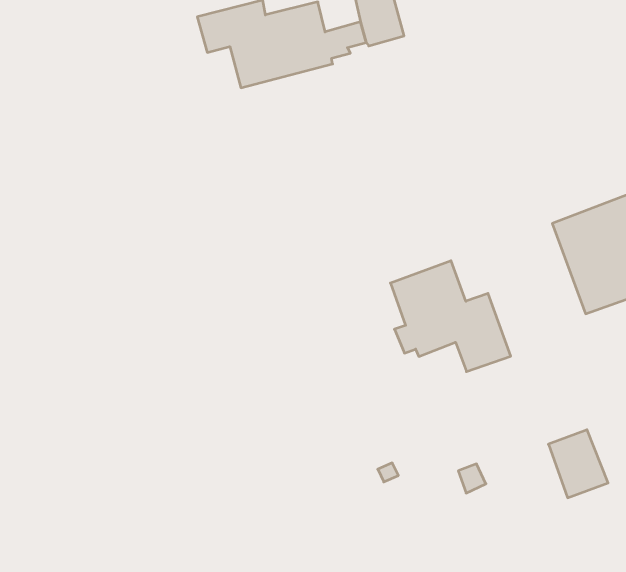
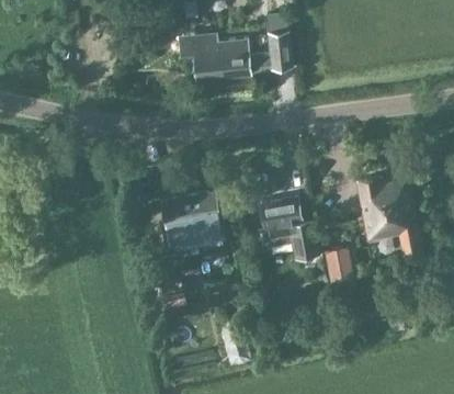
building: none -> [160,193,223,249]
building: [548,430,608,498] -> [324,248,353,284]

